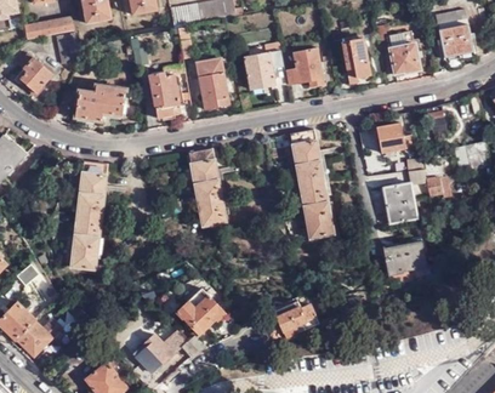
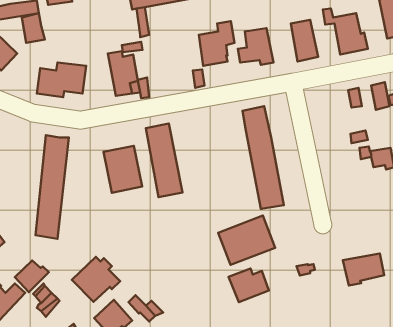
building: [195,57,227,108] -> none
building: [375,125,412,155] -> none
building: none -> [104,146,142,193]
building: [382,183,416,223] -> none
building: [382,243,426,277] -> [343,253,384,286]
building: none -> [218,216,275,265]
building: [175,286,226,334] -> [72,257,120,302]
building: none -> [15,260,49,292]

